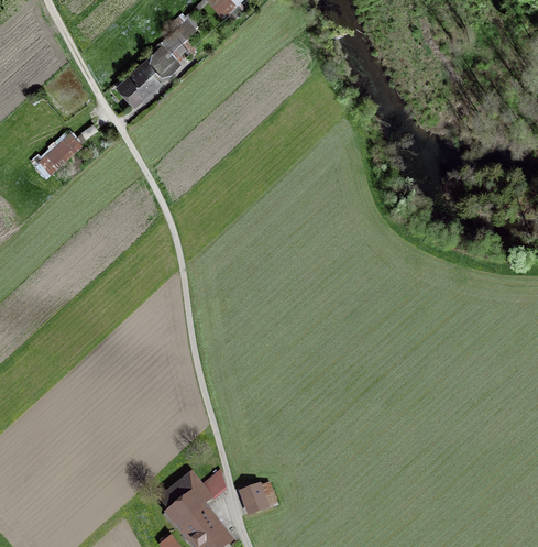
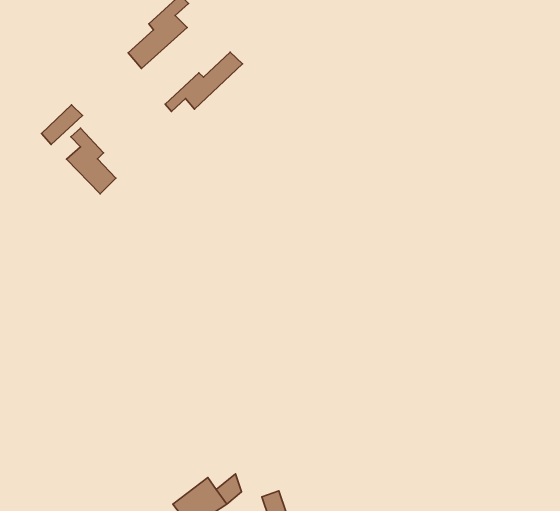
building: none -> [165,52,242,112]
building: none -> [67,128,116,194]

